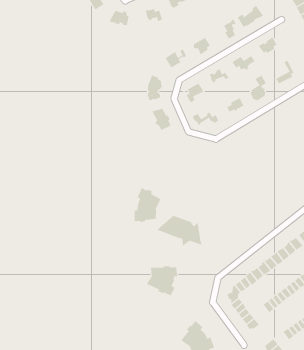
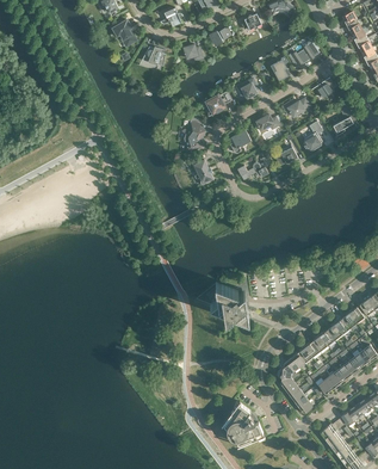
building: [134,187,161,223] -> none
building: [146,265,178,296] -> none

